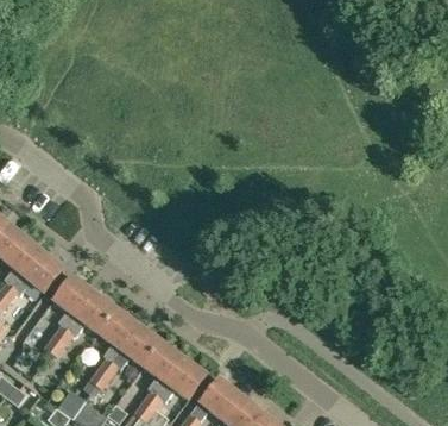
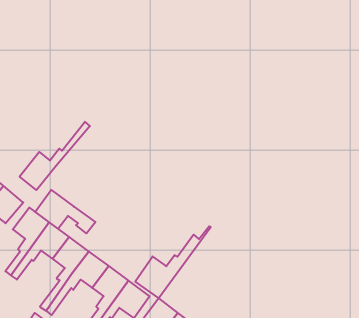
building: none -> [20,122,90,190]
building: none -> [35,190,95,233]
building: none -> [135,226,211,298]

